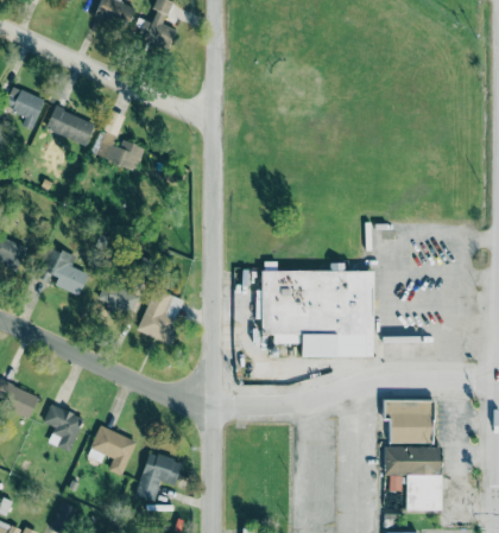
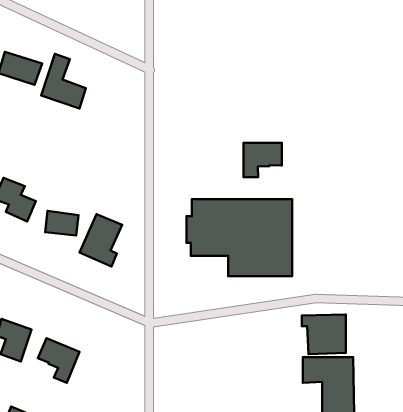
building: none -> [243,143,282,177]
building: [135,452,182,502] -> none

